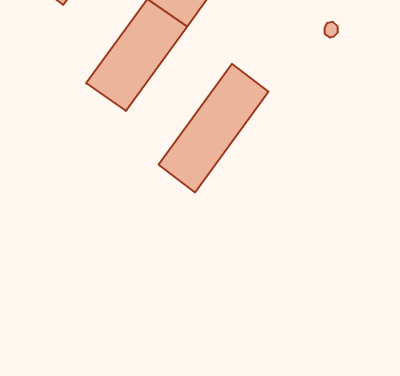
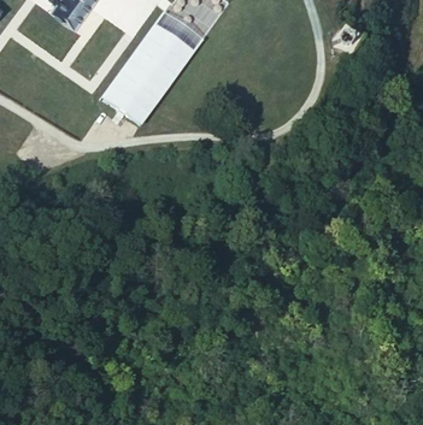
building: [159,64,268,192] -> none

